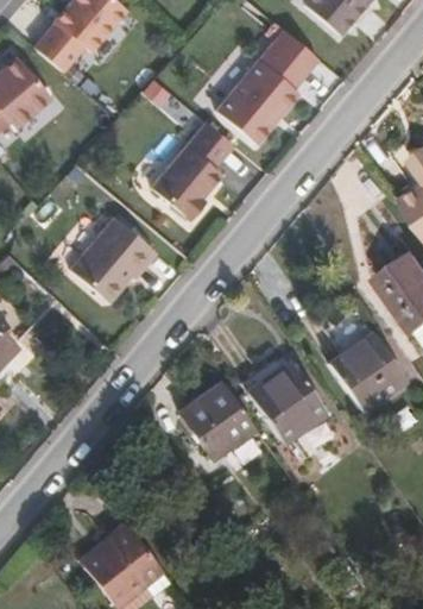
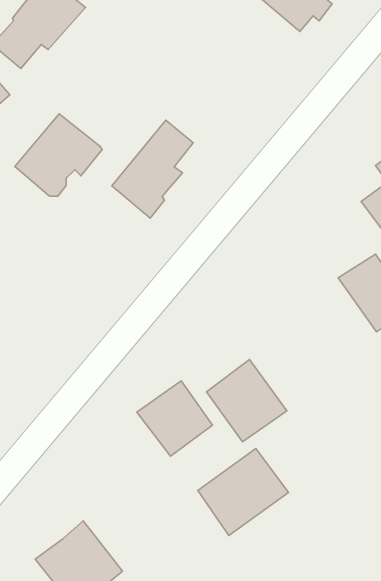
building: [216,29,317,143] -> none
building: [71,218,158,300] -> [15,114,102,196]
building: [330,333,400,406] -> none
building: none -> [198,448,288,535]

